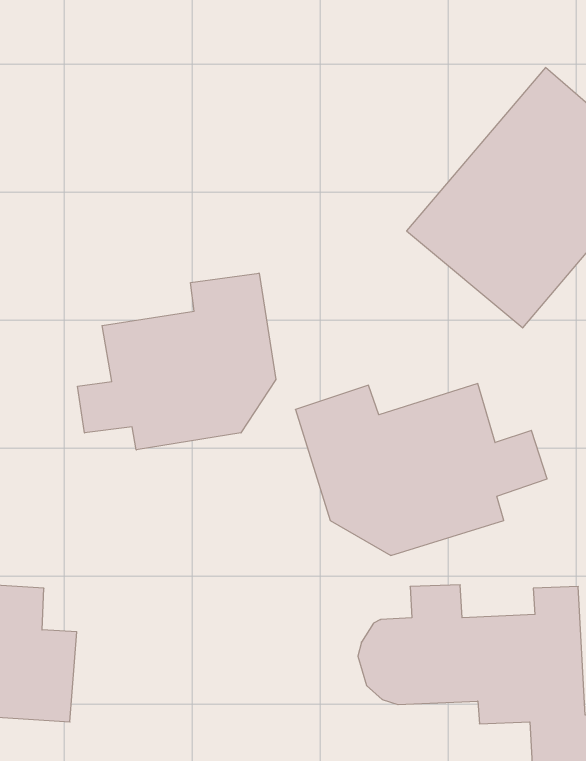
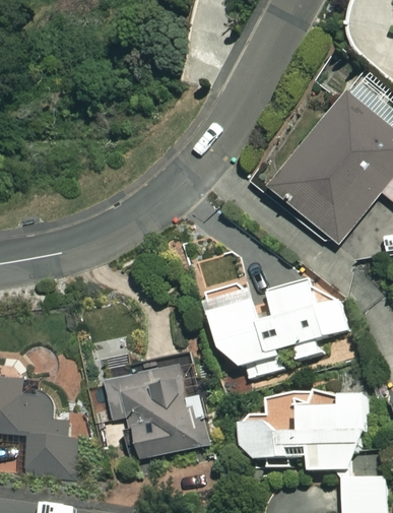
building: [78,273,276,450] -> none
building: none -> [105,351,212,460]

